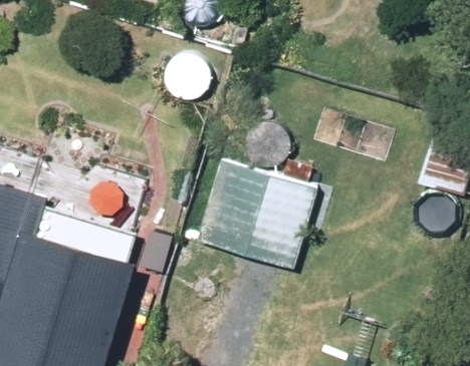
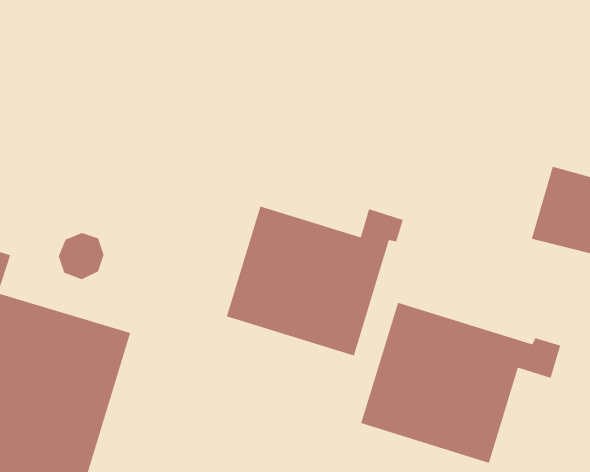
building: none -> [360,302,561,464]

